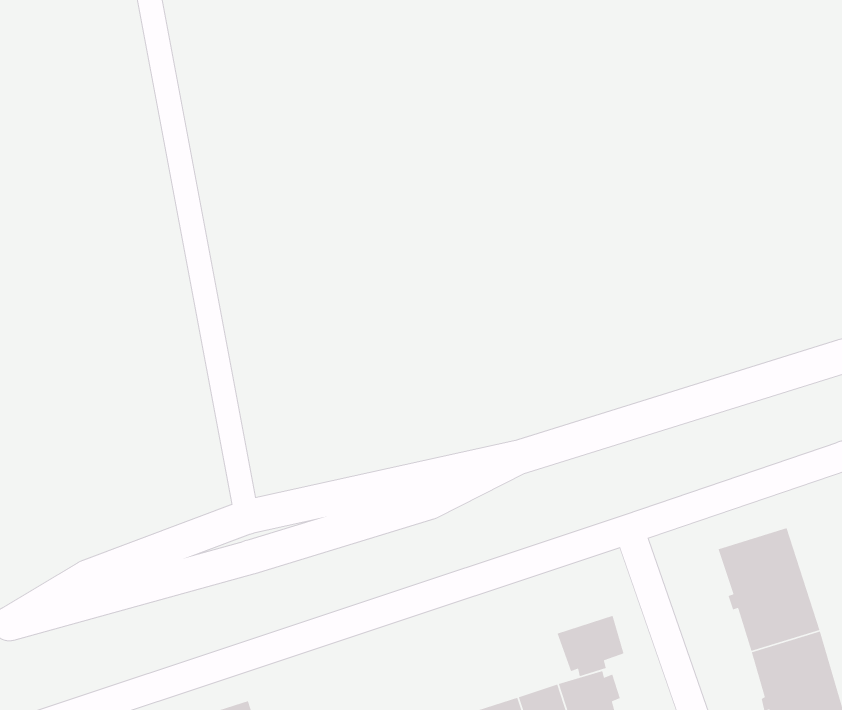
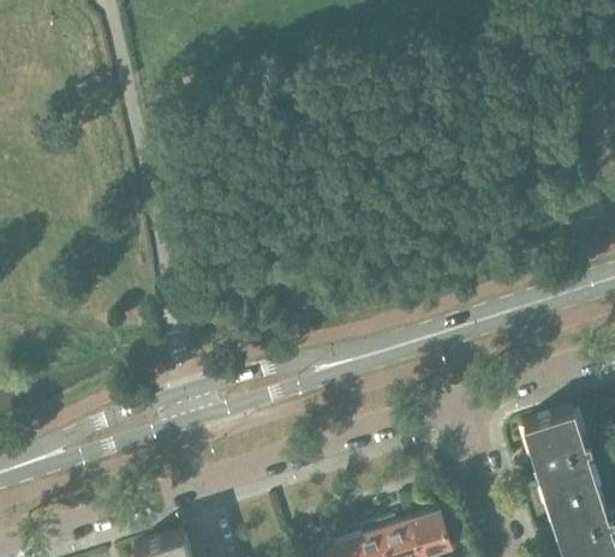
building: [556,615,625,677] -> none

